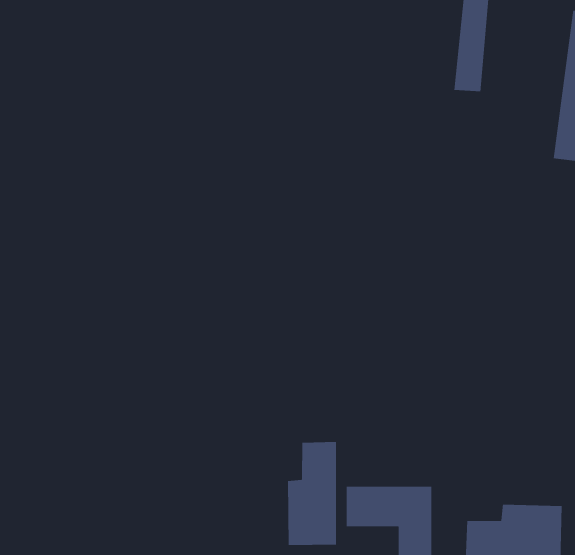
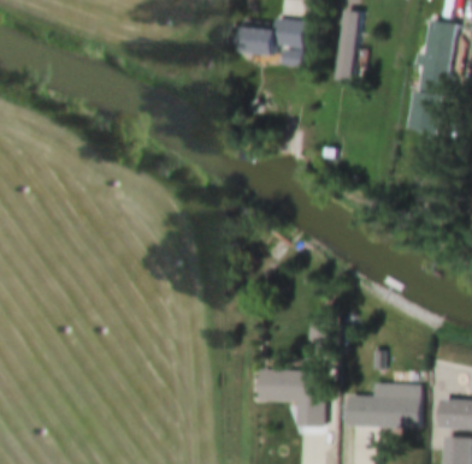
building: none -> [243,18,306,55]
building: [287,441,337,546] -> none

